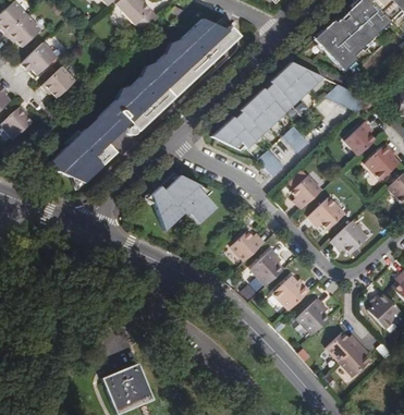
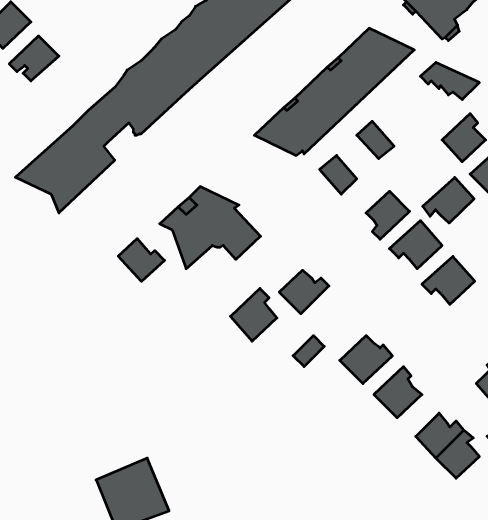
building: none -> [423,177,474,223]
building: none -> [118,239,165,281]
building: [250,249,283,286] -> [230,288,277,341]

